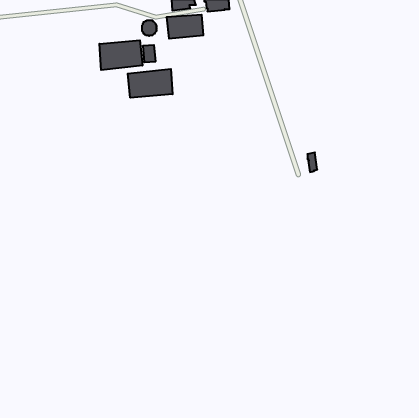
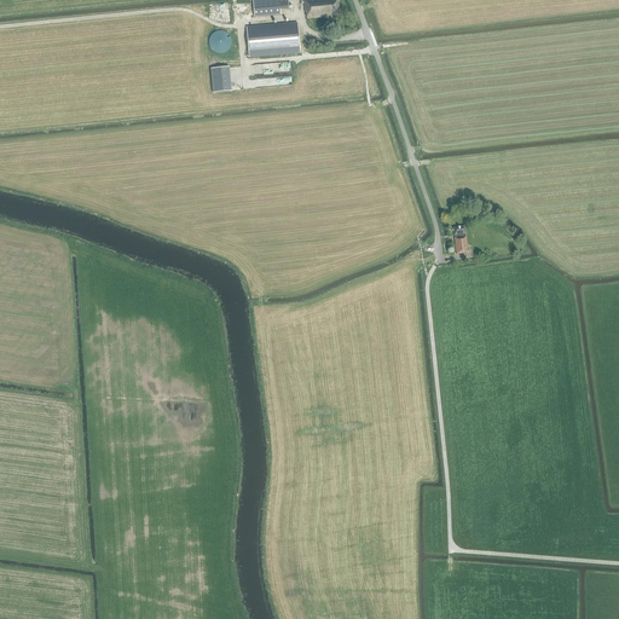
building: [99,40,142,70] -> none
building: [128,69,173,98] -> none

